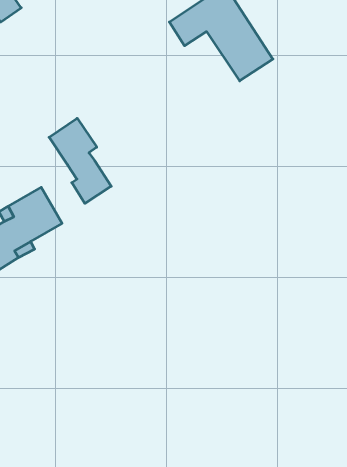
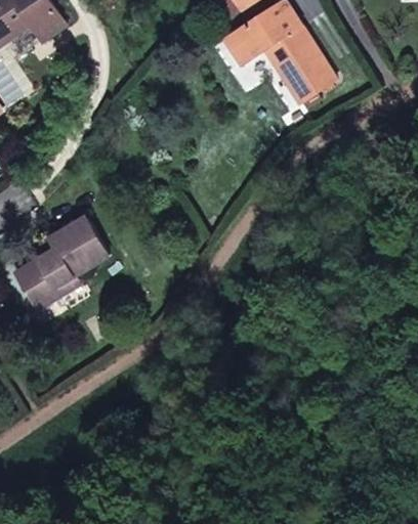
building: [49,118,111,203] -> none

